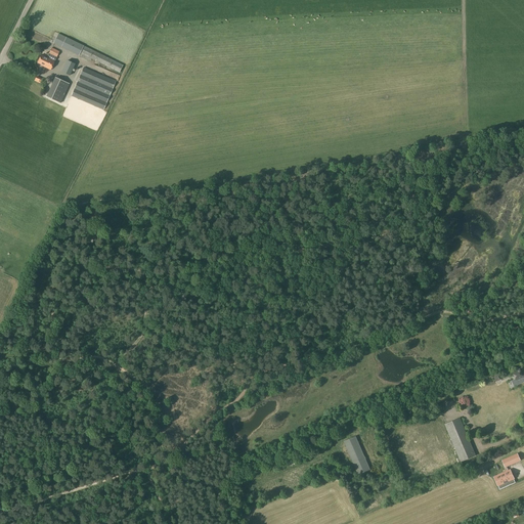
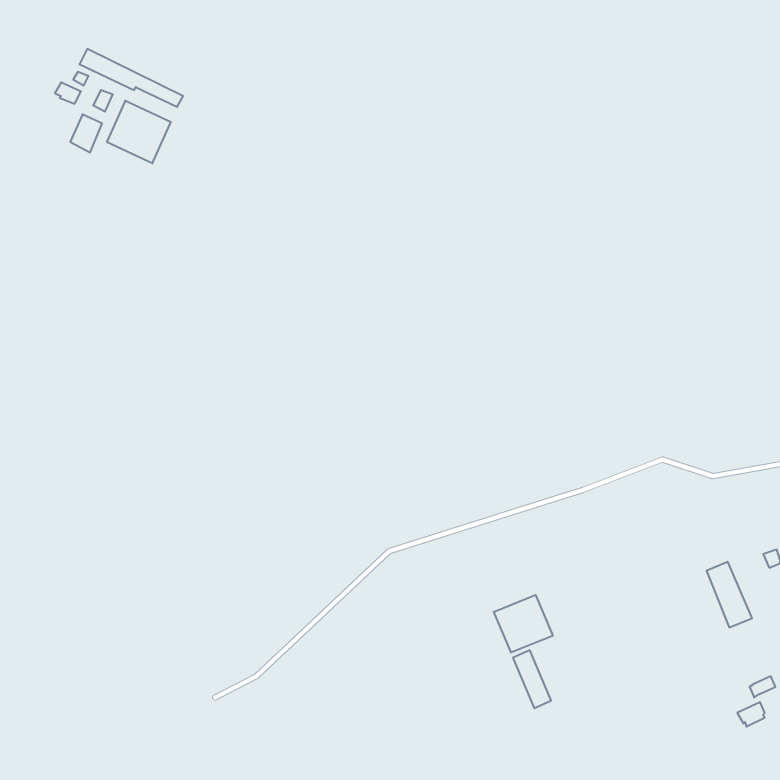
building: none -> [494,595,553,653]
building: [445,418,476,462] -> [706,562,752,627]

